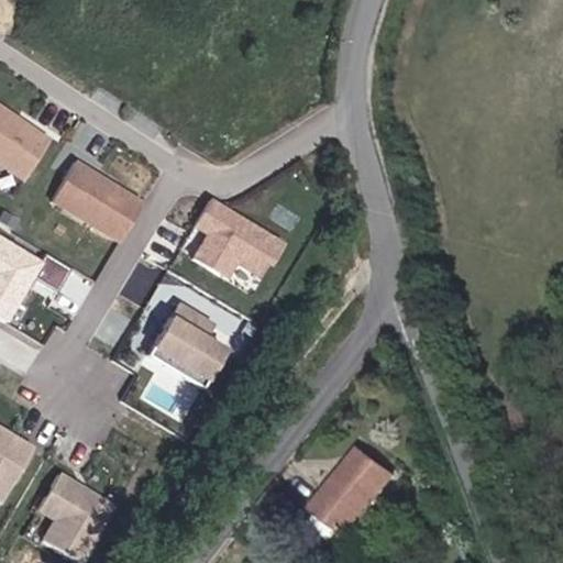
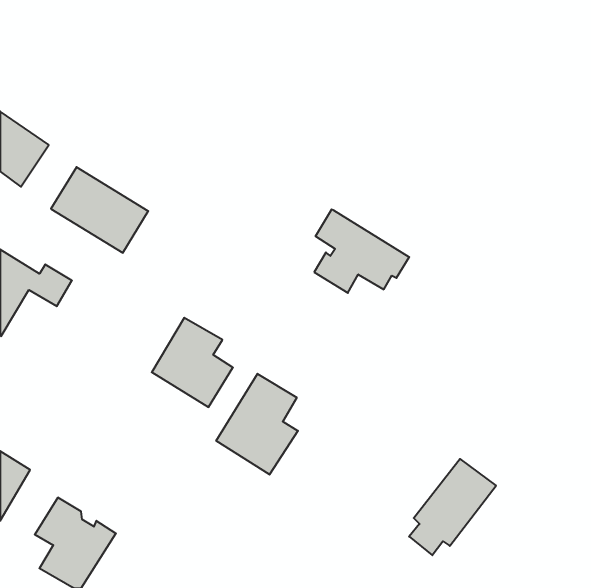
building: [191,197,282,276] -> [314,209,409,293]
building: none -> [216,374,298,475]
building: [312,446,395,538] -> [409,459,496,555]

